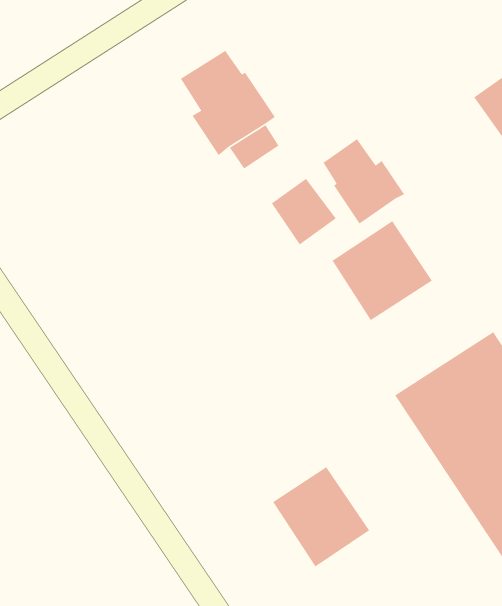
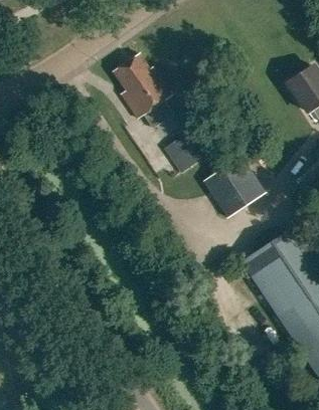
building: [322,138,405,225] -> none
building: [272,466,370,568] -> none

